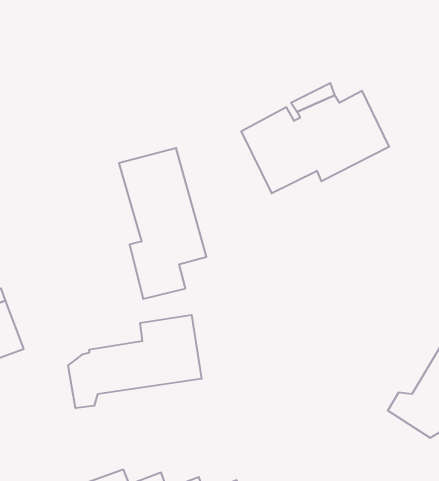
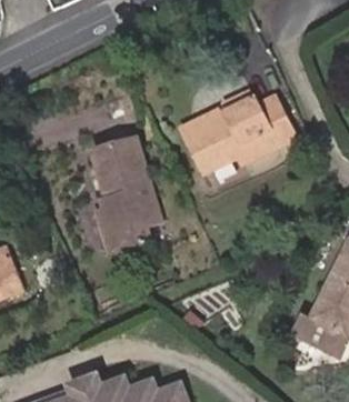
building: [68,315,202,408] -> none

